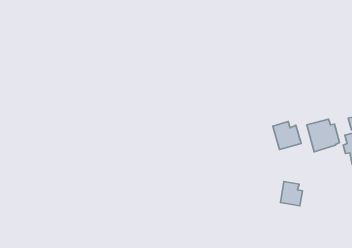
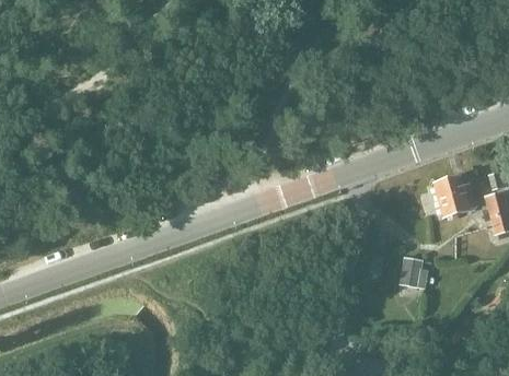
building: [273,122,301,149] -> none

